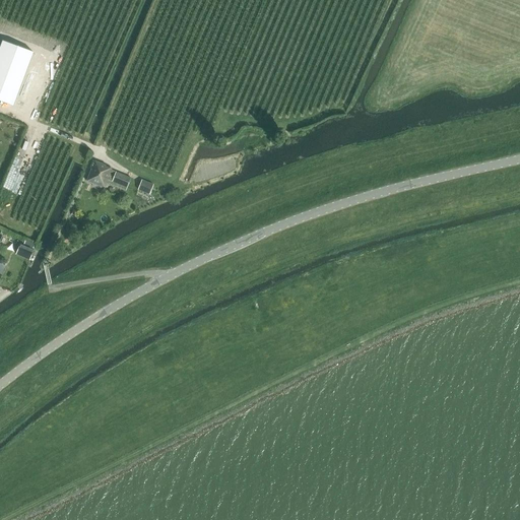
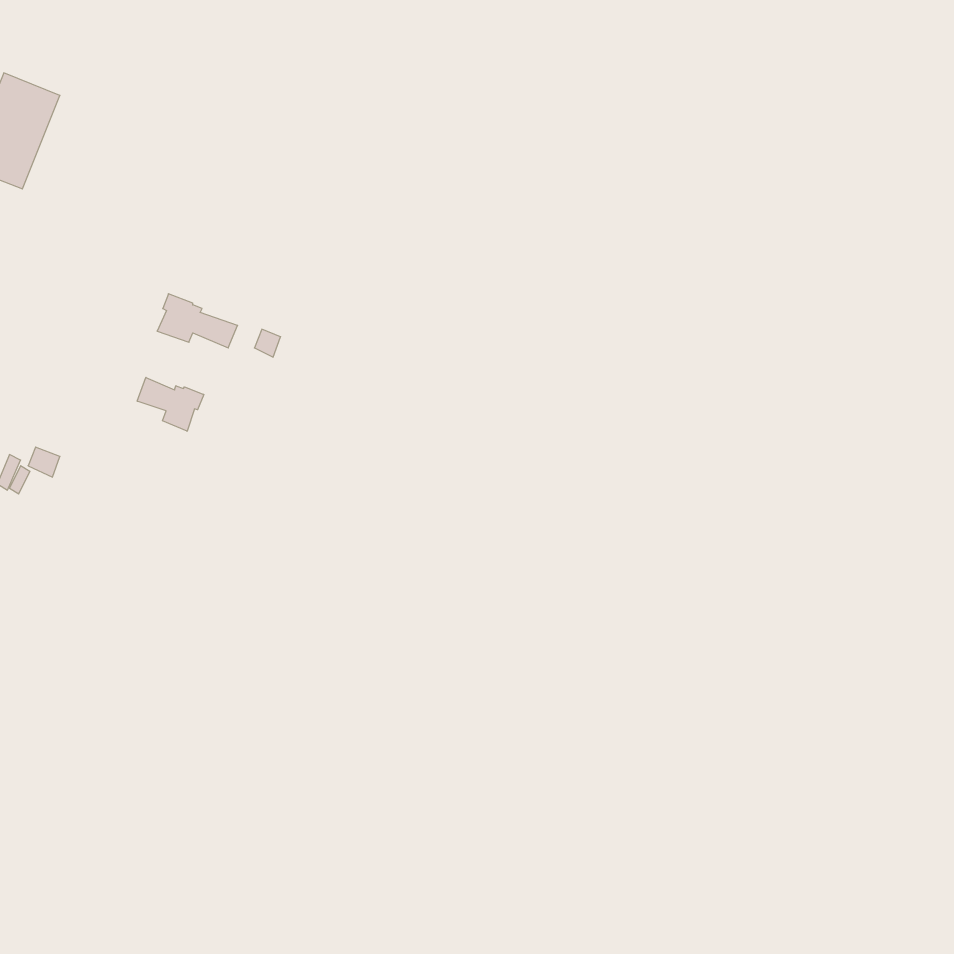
building: none -> [137,377,204,431]

